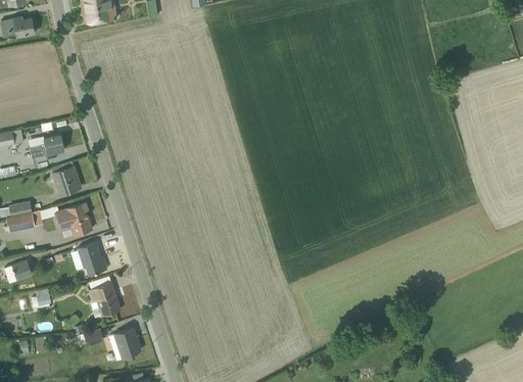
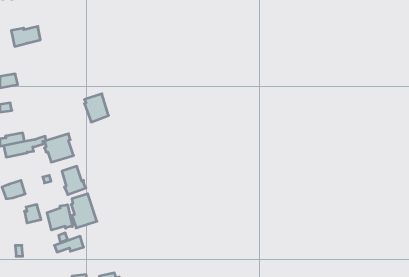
building: [28,133,63,157] -> [11,26,40,46]
building: [51,159,81,194] -> [84,94,109,122]
building: none -> [47,205,72,230]
building: [109,327,141,359] -> none

